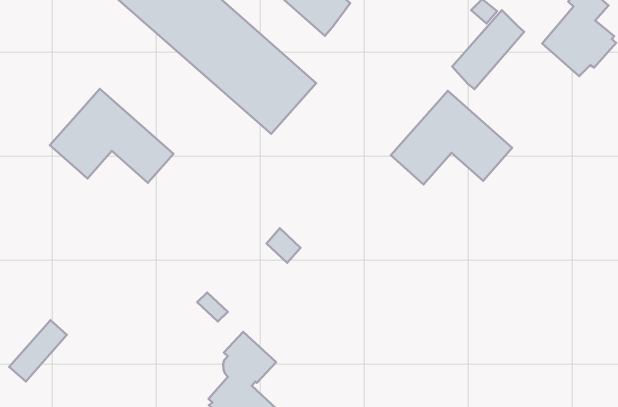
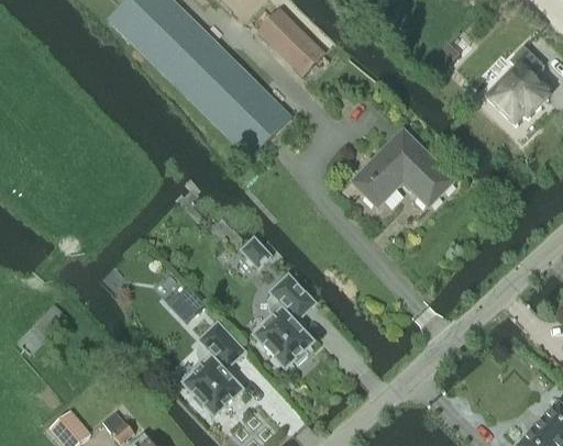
building: [452,10,524,89] -> none
building: [50,89,173,183] -> none
building: none -> [254,275,314,368]

